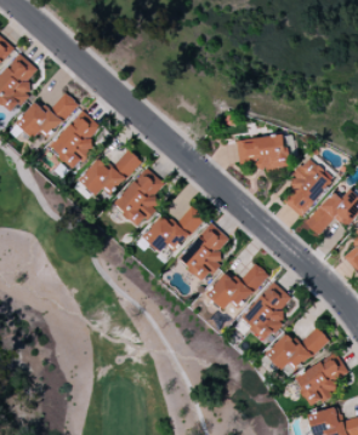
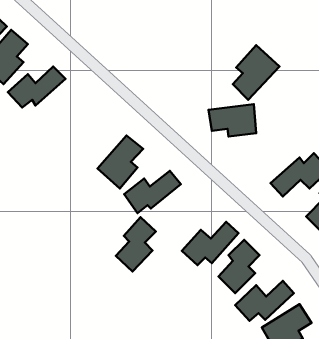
building: [51,110,100,168] -> none
building: [79,149,141,196] -> none
building: [283,158,334,217] -> [233,45,279,100]
building: [184,223,228,282] -> [116,217,156,271]

